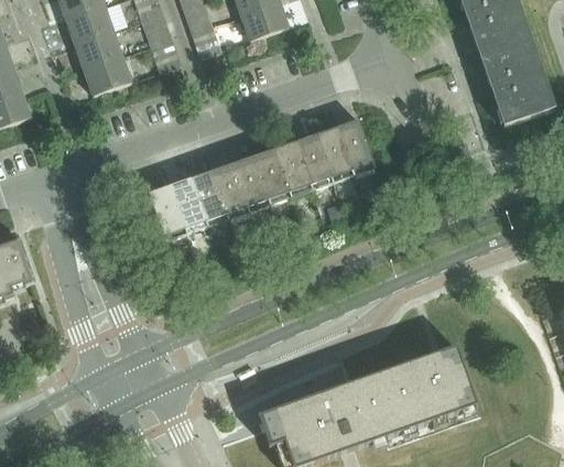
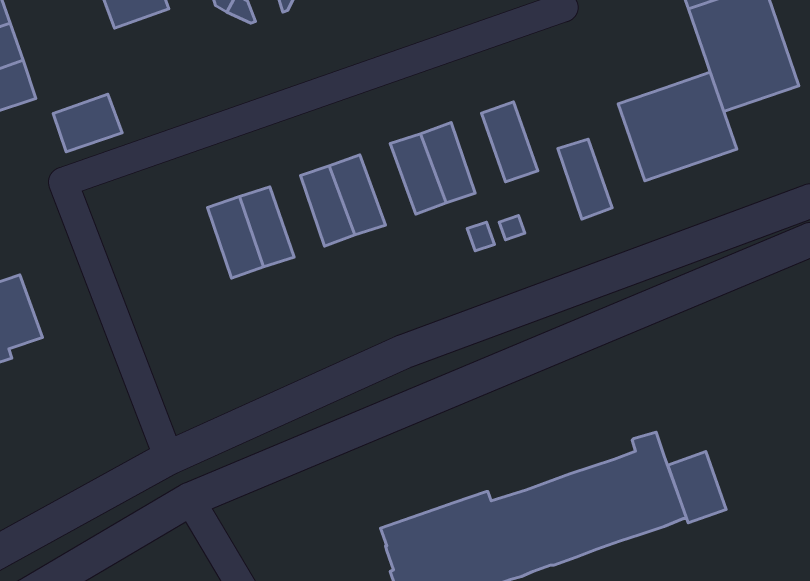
building: [84,53,131,93] -> [53,94,122,152]
building: none -> [618,72,737,181]
building: [315,124,352,180] -> [558,139,612,219]
building: [252,145,291,202] -> none
building: [191,167,228,224] -> none
building: none -> [668,452,726,523]

